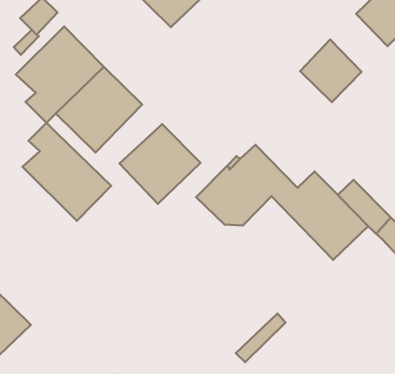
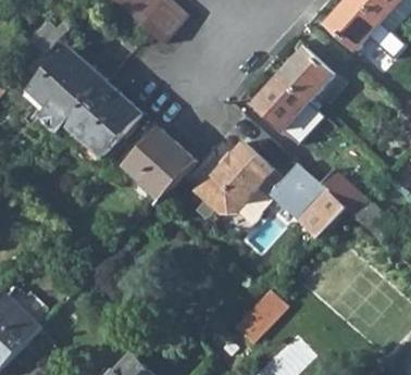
building: none -> [252,75,327,134]
building: [23,123,111,221] -> none

